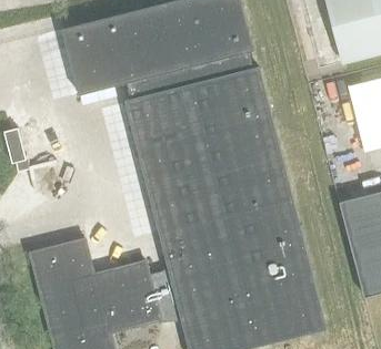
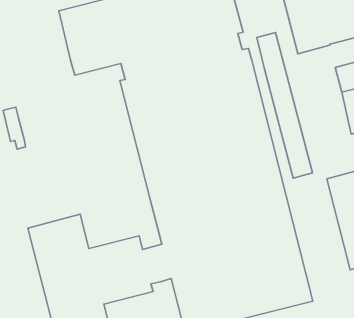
building: none -> [257,33,313,178]

